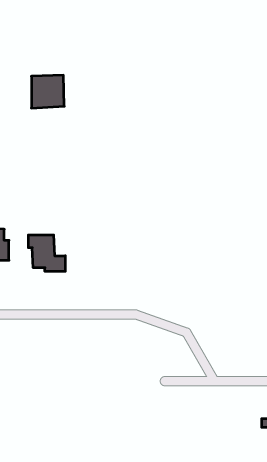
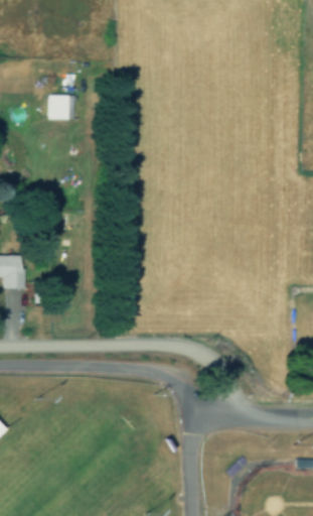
building: [28,235,65,271] -> none

